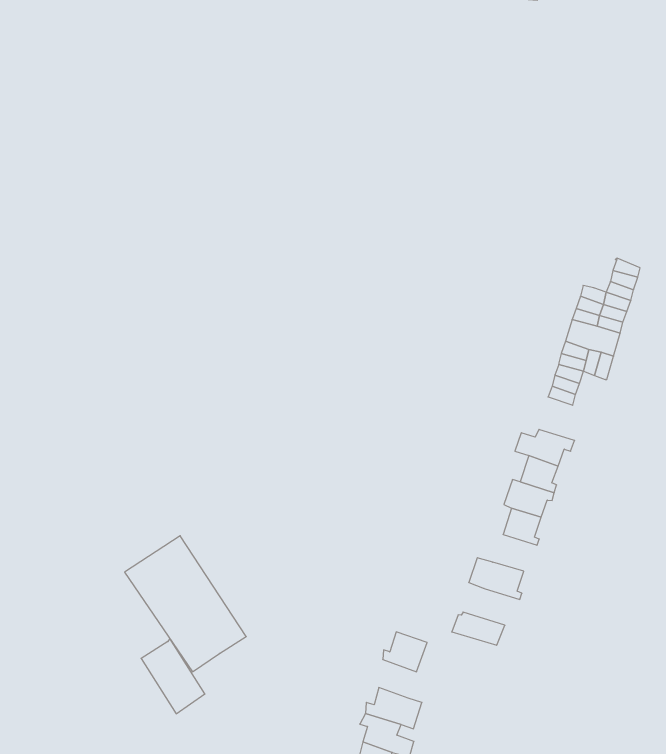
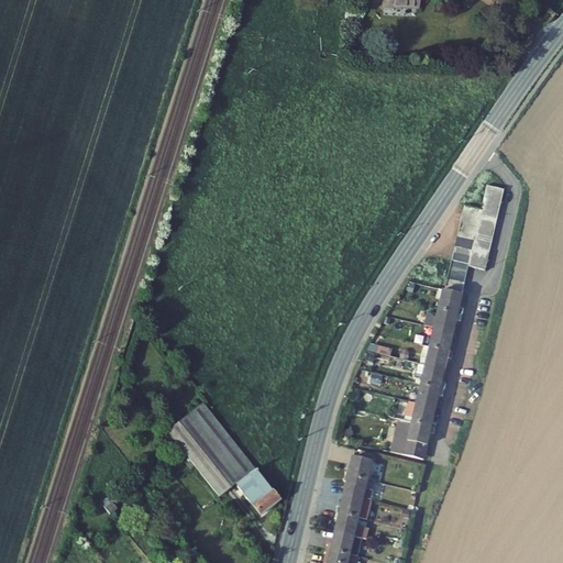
building: none -> [441,286,467,310]
building: none -> [417,379,446,404]
building: none -> [399,418,438,442]
building: [141,639,205,714] -> [233,463,279,515]
building: none -> [343,473,371,498]

